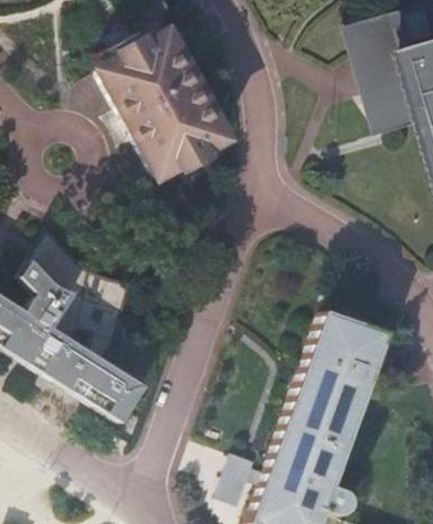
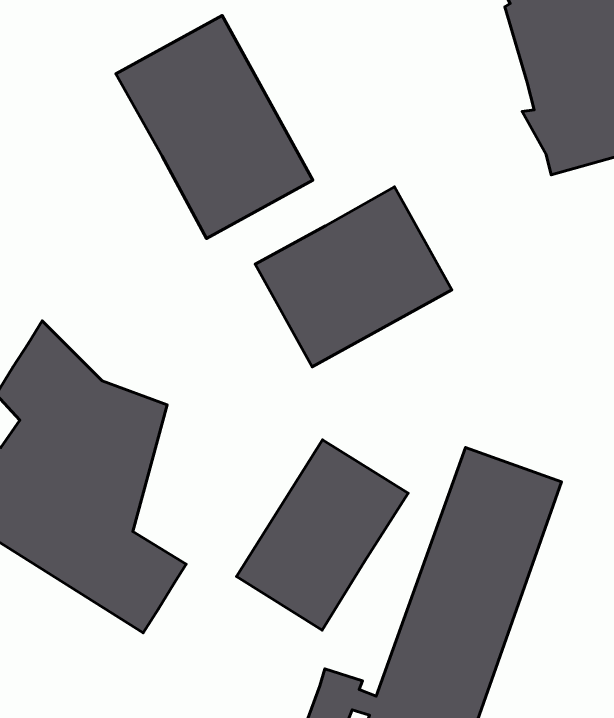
building: none -> [255,187,452,367]
building: none -> [236,440,408,630]

